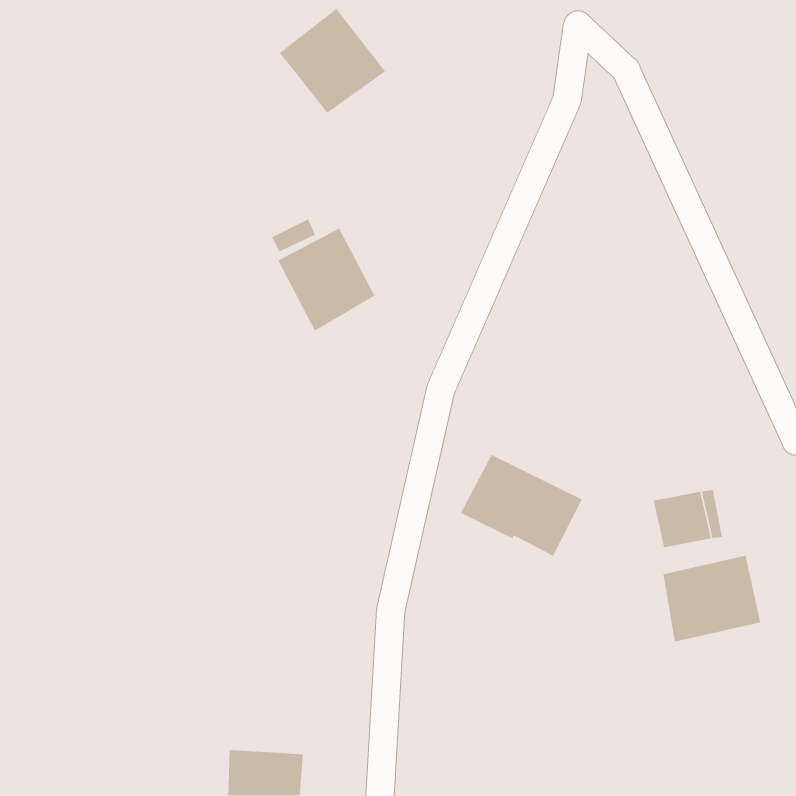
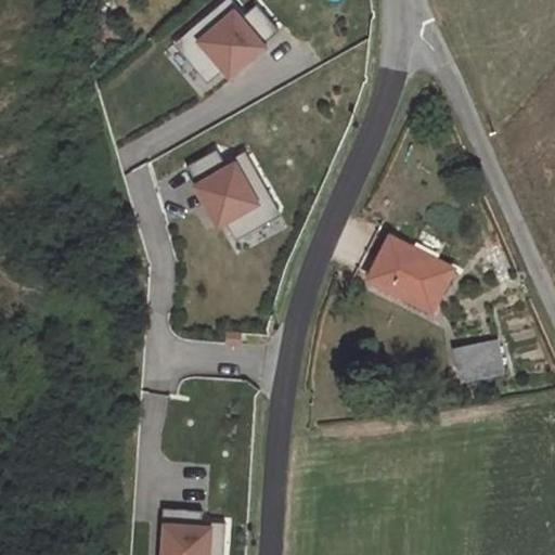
building: [460,454,583,557] -> [369,237,454,309]
building: [663,555,761,642] -> none

